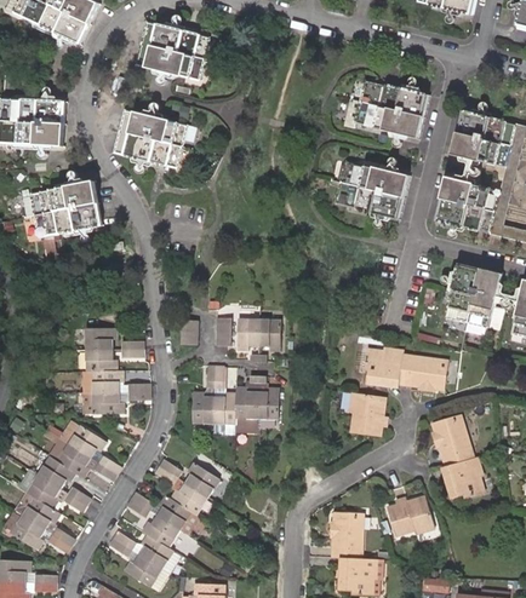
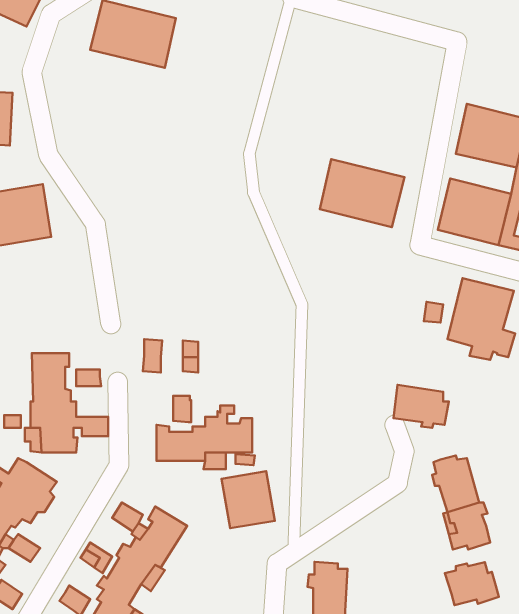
building: [343,77,428,138] -> none
building: [112,108,188,167] -> none
building: [234,318,276,350] -> none
building: [364,350,402,386] -> none
building: [349,395,388,438] -> none
building: none -> [222,471,275,528]
building: [387,499,434,536] -> [445,562,499,605]

